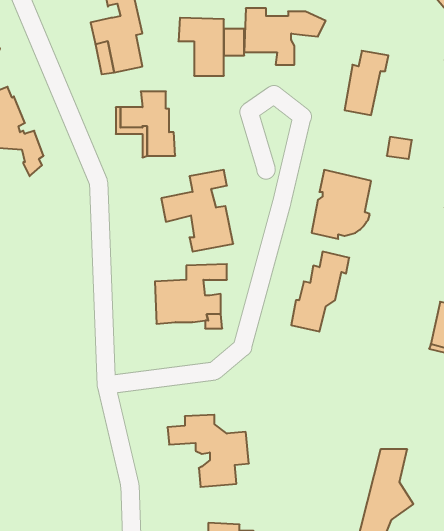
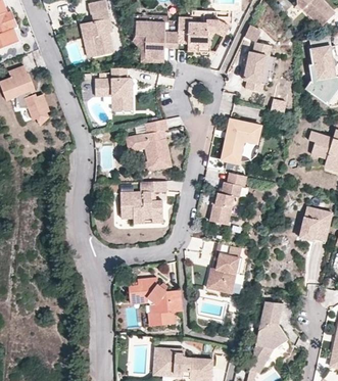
building: none -> [208,243,242,294]

